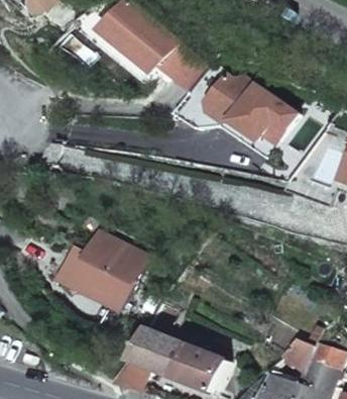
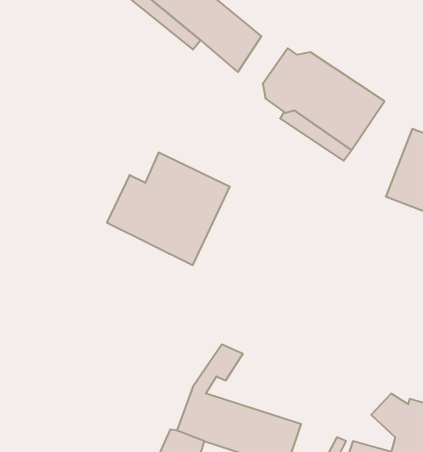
building: [57,226,151,312] -> [107,153,230,265]

